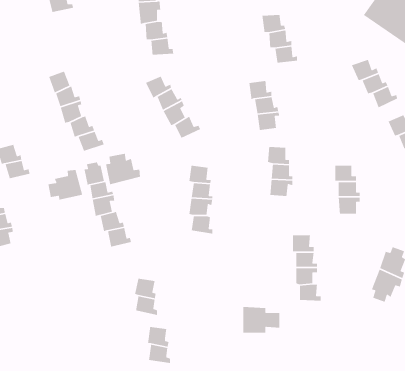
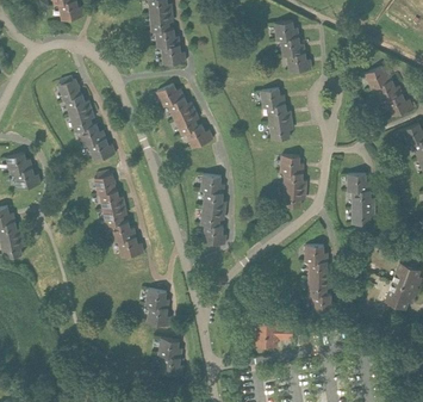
building: [105,153,141,185] -> none
building: [48,169,83,201] -> none

